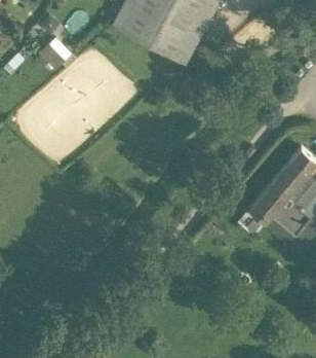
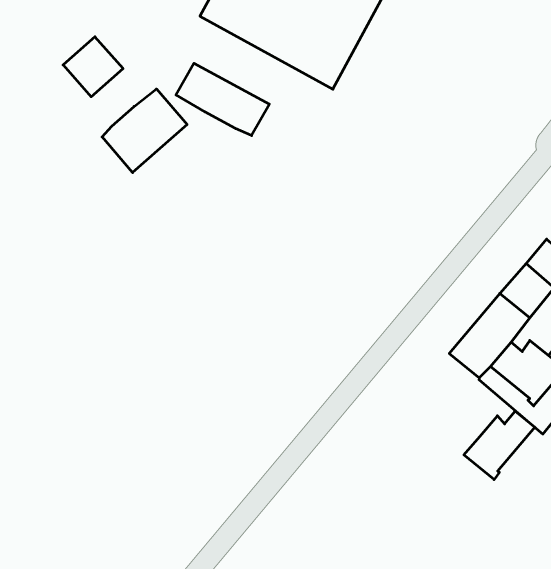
building: none -> [176,63,269,136]
building: none -> [102,89,187,173]
building: none -> [464,411,535,480]

